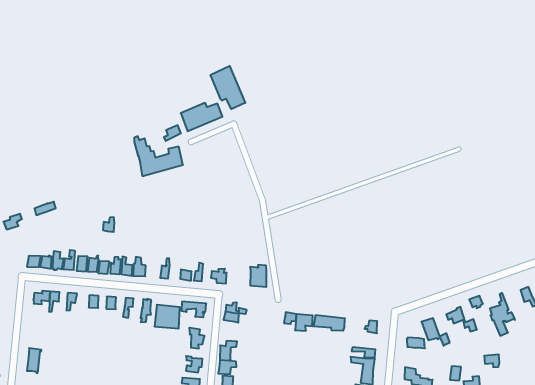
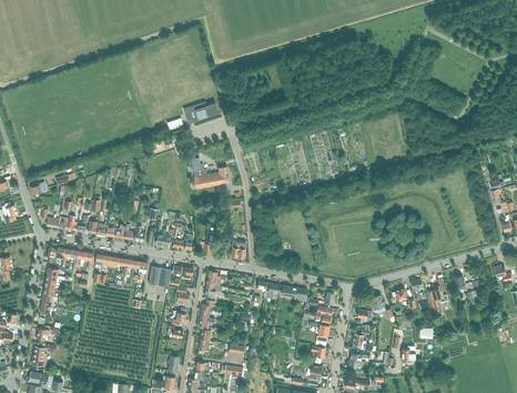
building: [211,66,245,109] -> none
building: [134,136,183,176] -> [190,155,229,189]

